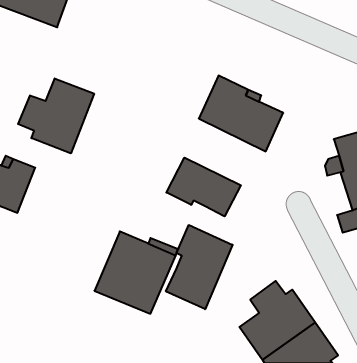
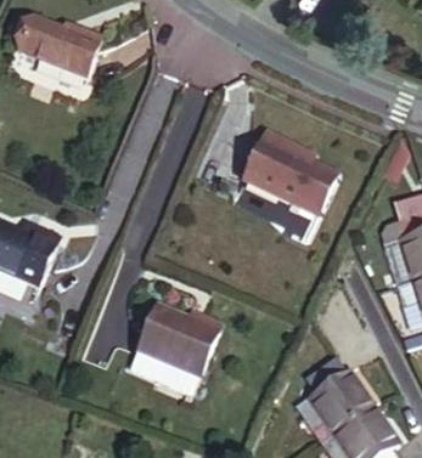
building: [18,78,94,153] -> none
building: [166,158,241,216] -> none
building: [166,225,233,309] -> none

